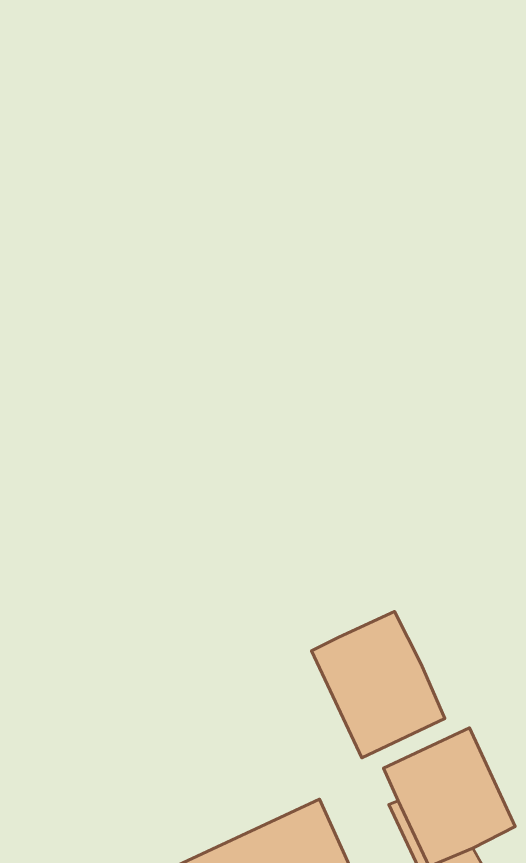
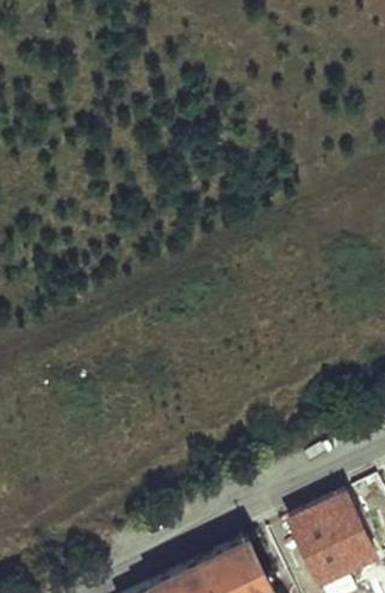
building: [312,611,445,758] -> none

